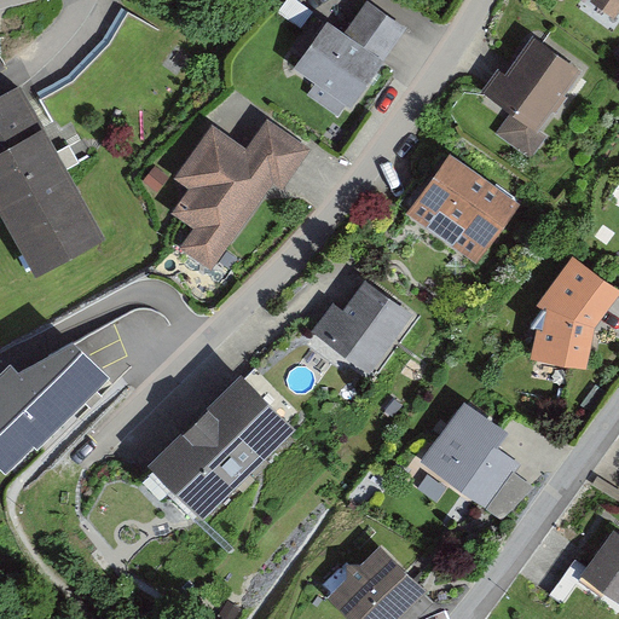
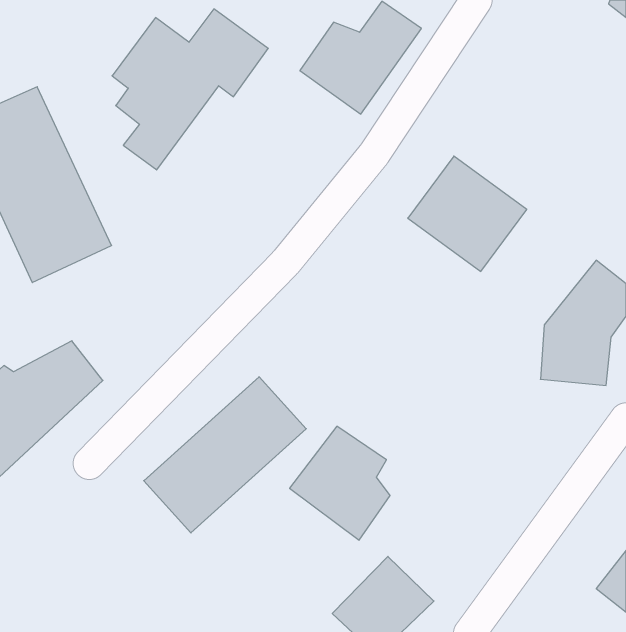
building: [476,42,577,162] -> none
building: [172,115,324,272] -> [112,9,268,170]
building: [313,284,411,375] -> none
building: [421,403,519,514] -> [290,426,390,540]

